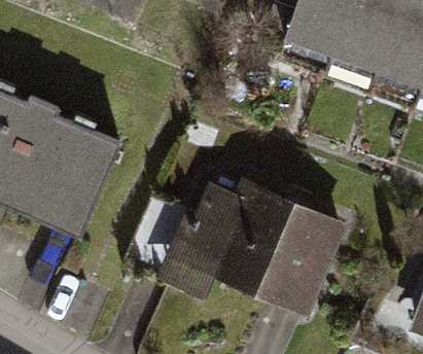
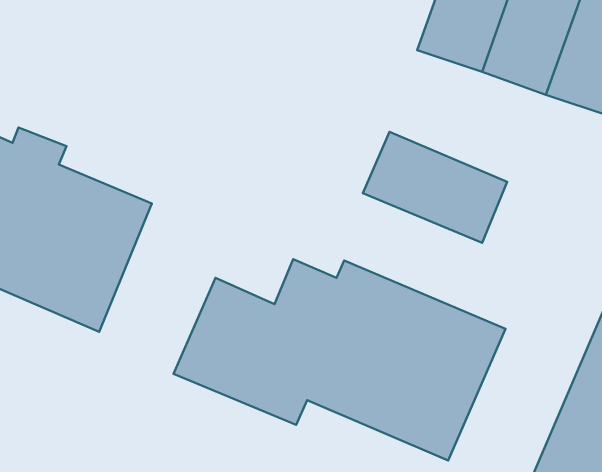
building: none -> [363,132,507,243]

